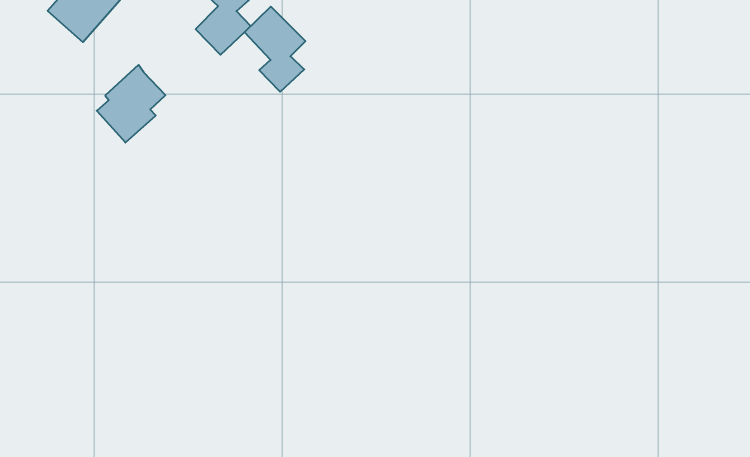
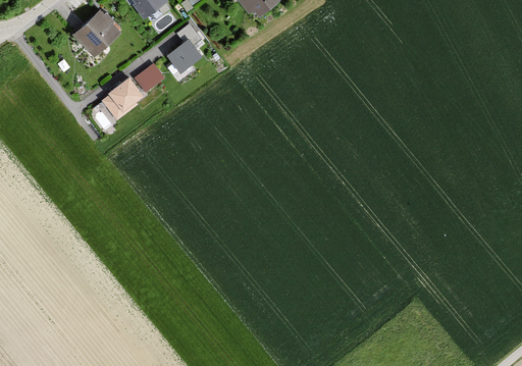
building: [245,7,305,92] -> none
building: none -> [132,64,164,95]

